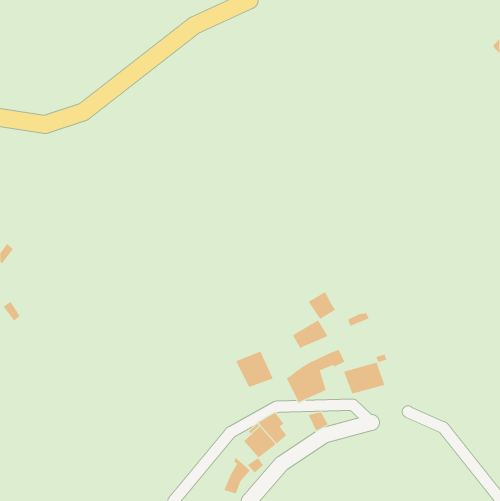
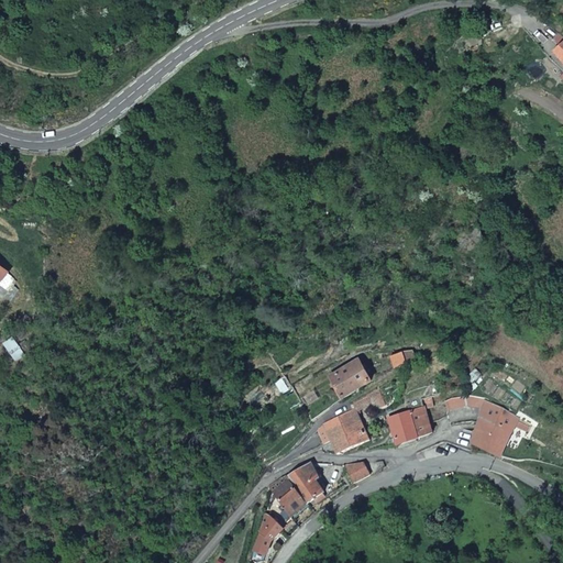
building: [308,291,336,319] -> none
building: [235,350,274,388] -> none
building: none -> [449,395,517,455]

